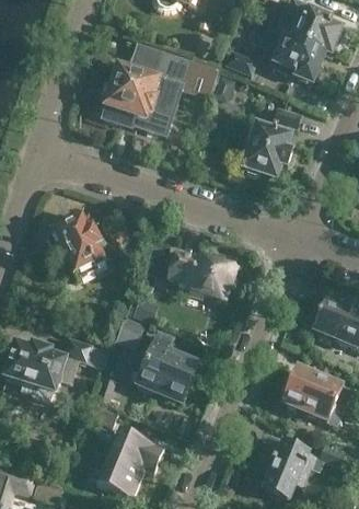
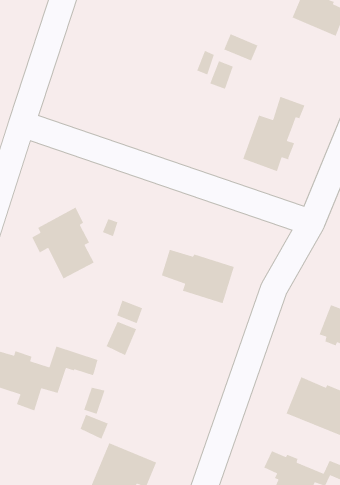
building: [273,32,324,81] -> none
building: [101,44,188,132] -> none
building: [136,333,198,402] -> none

